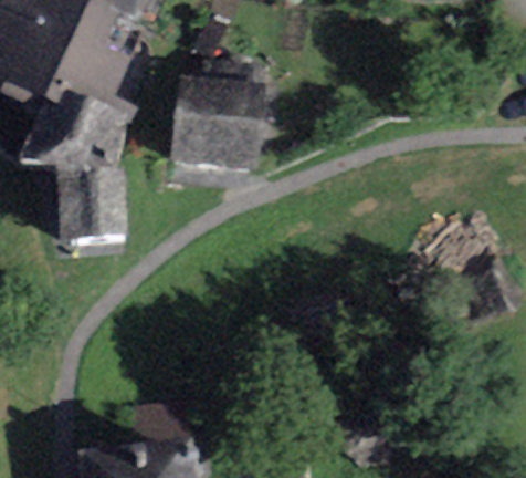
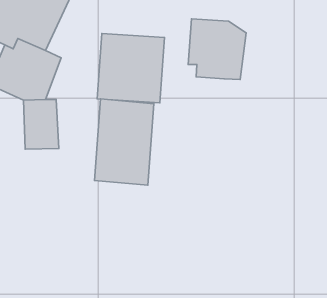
building: none -> [188,19,246,80]
building: none -> [95,99,154,185]

